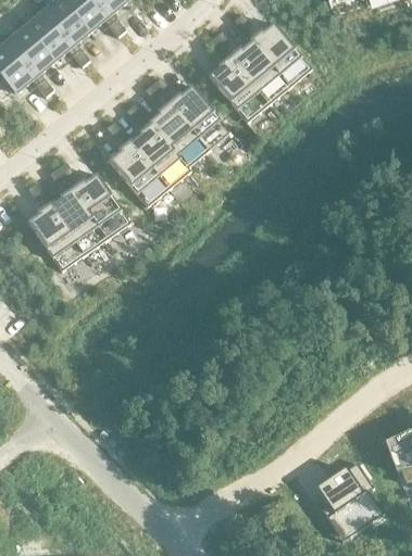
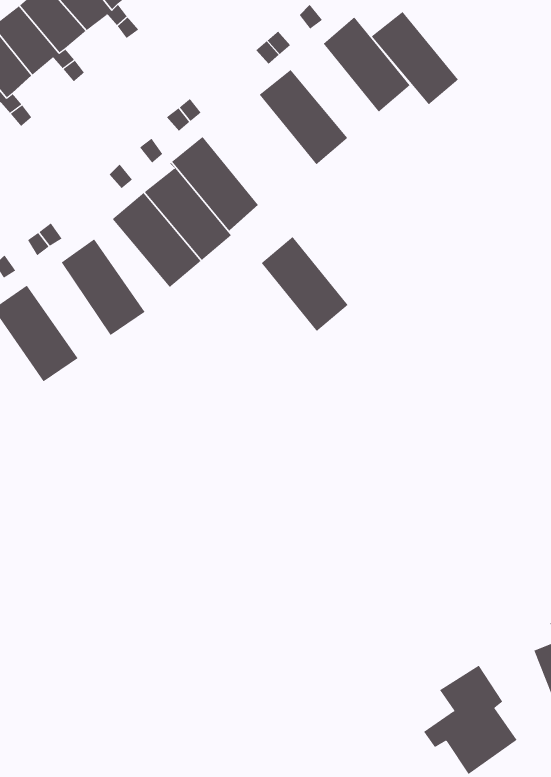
building: [228,39,288,103] -> [371,11,459,105]
building: [168,84,228,149] -> [261,236,349,332]
building: [49,188,105,253] -> none

